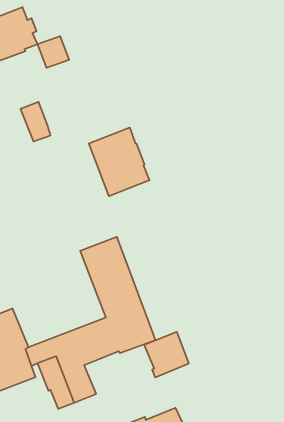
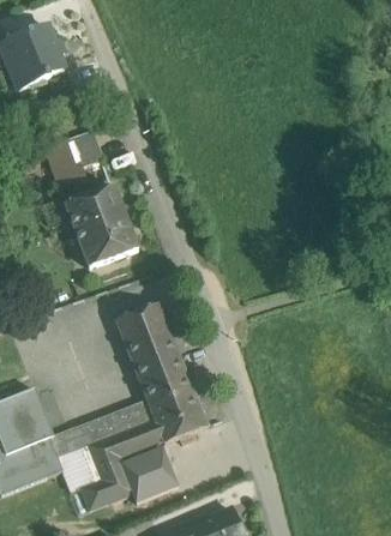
building: [37,36,69,68] -> [66,128,104,167]
building: [89,128,150,196] -> [65,183,138,266]
building: [144,332,189,378] -> [124,446,178,501]

